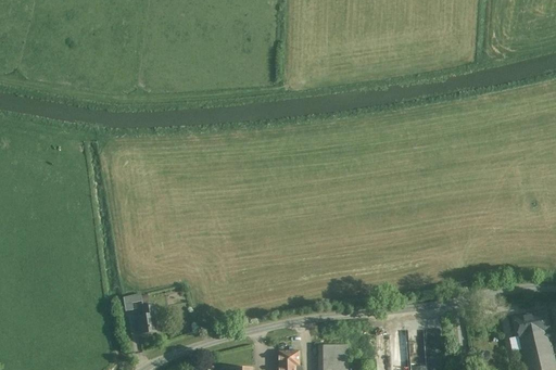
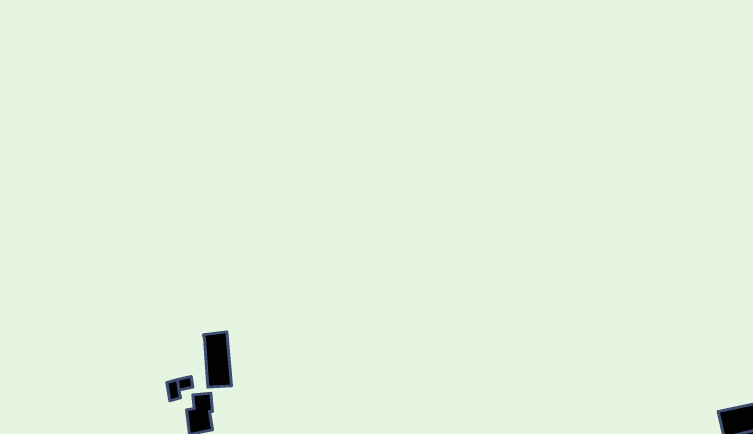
building: none -> [204,332,231,387]

